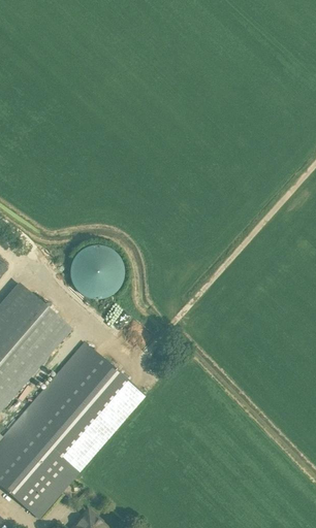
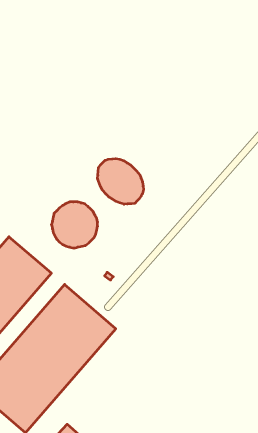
building: none -> [98,159,144,204]

